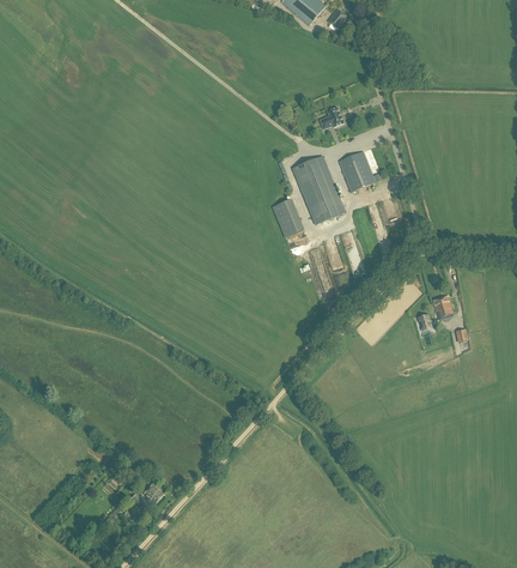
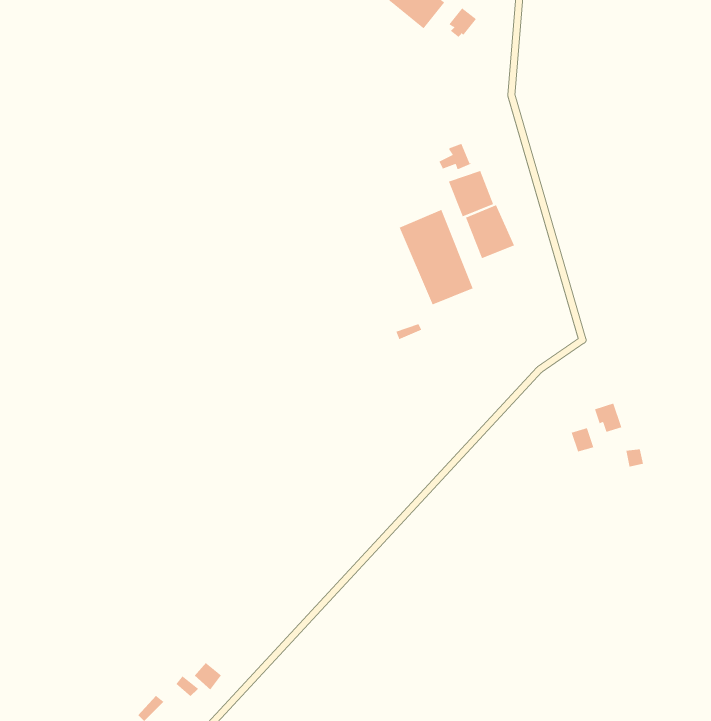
building: none -> [448,170,494,217]
building: [272,198,304,237] -> none

